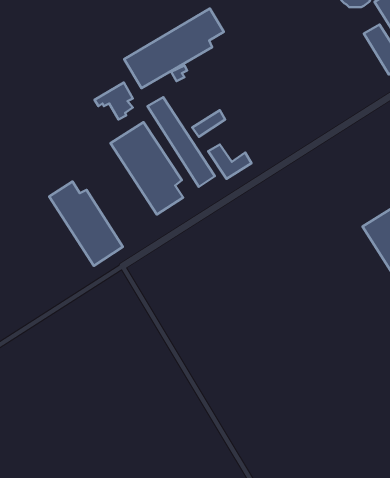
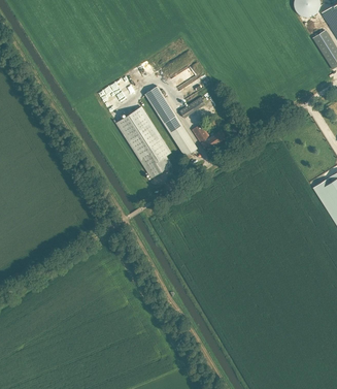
building: [124,8,224,88] -> none
building: [49,181,123,266] -> none

